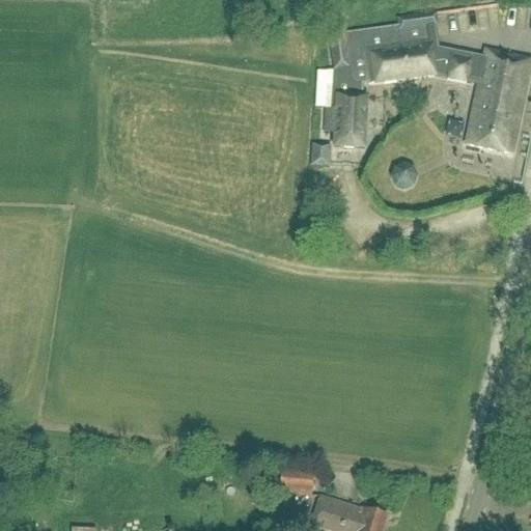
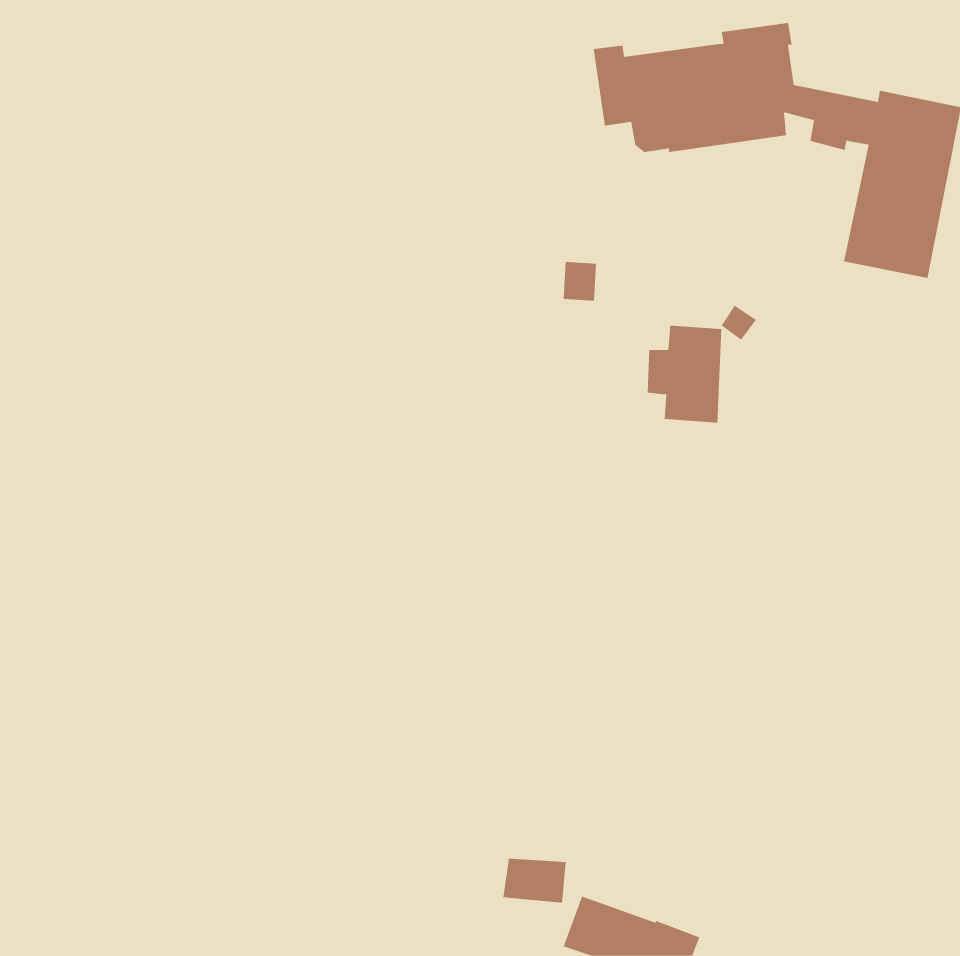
building: [325,94,366,148] -> [647,325,722,423]

